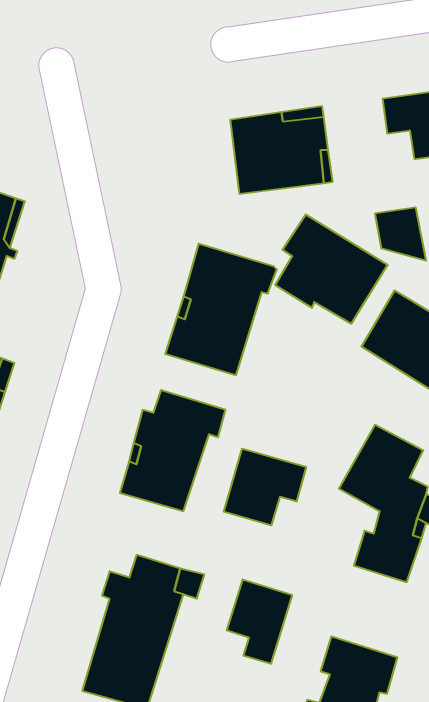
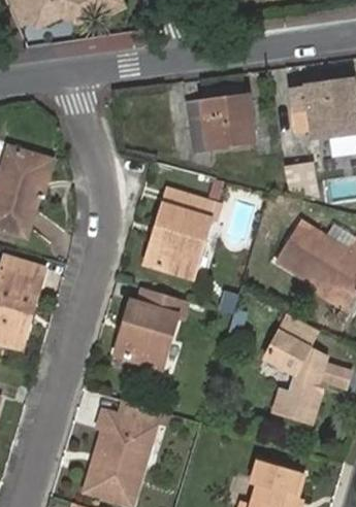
building: [275,214,388,324] -> none
building: [224,449,306,525] -> none
building: [227,579,292,664] -> none

